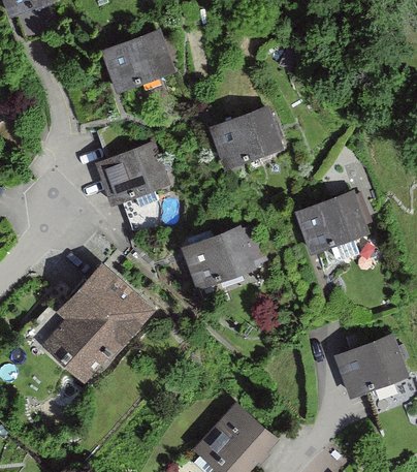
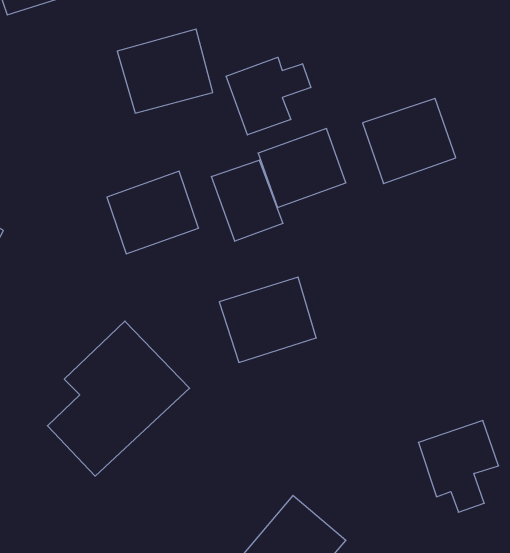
building: none -> [226,57,311,135]
building: none -> [211,160,283,241]
building: [295,187,370,255] -> [363,98,456,184]

